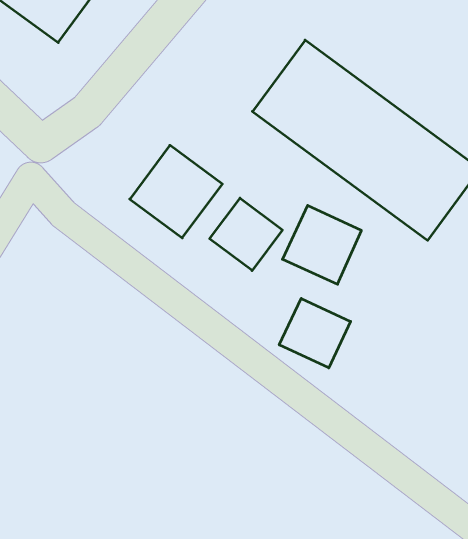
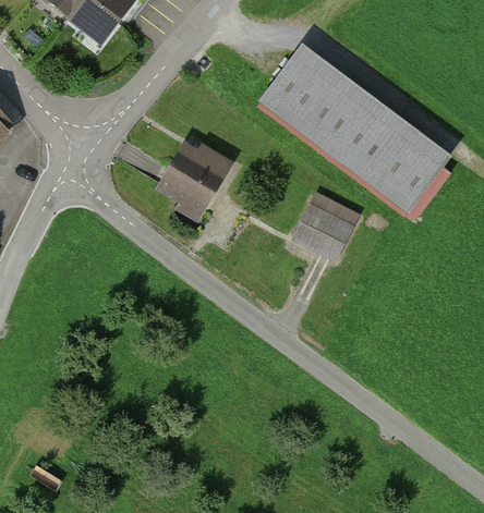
building: [210,198,282,271] -> none
building: [279,298,351,368] -> none

